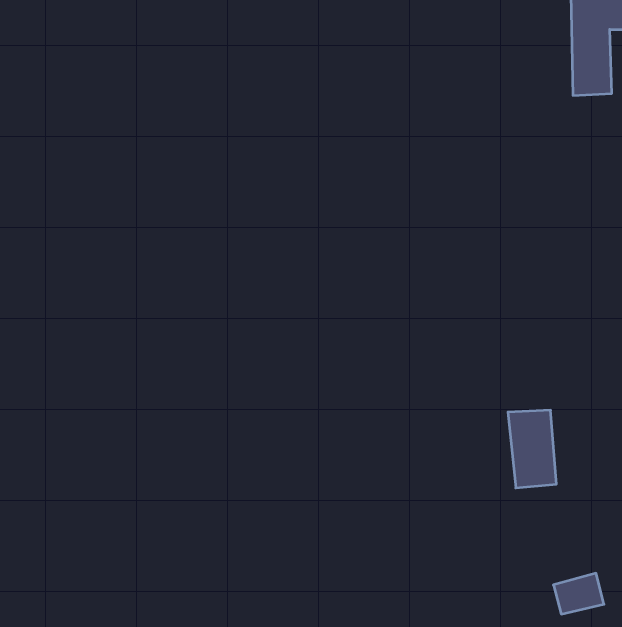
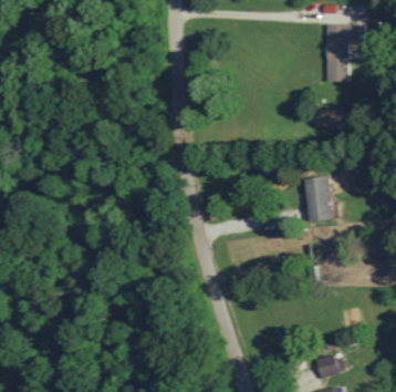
building: [508,410,556,488] -> [304,177,332,221]

